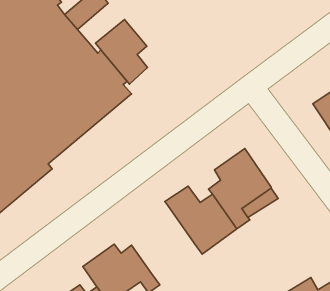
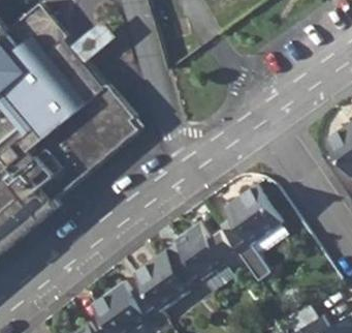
building: [95,20,148,84] -> none
building: none -> [134,242,214,311]

